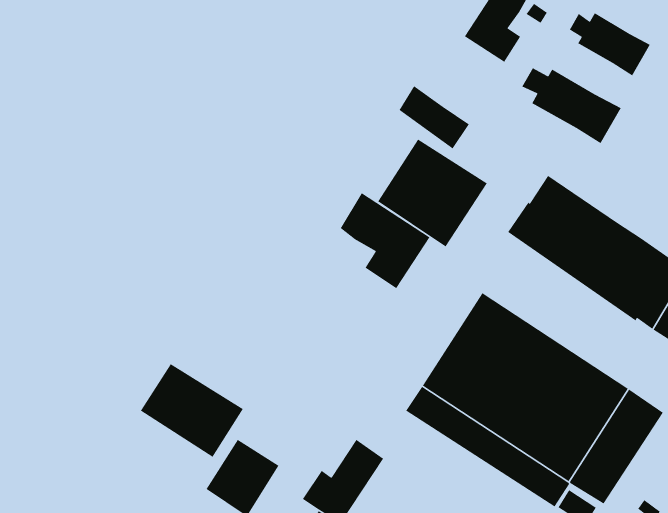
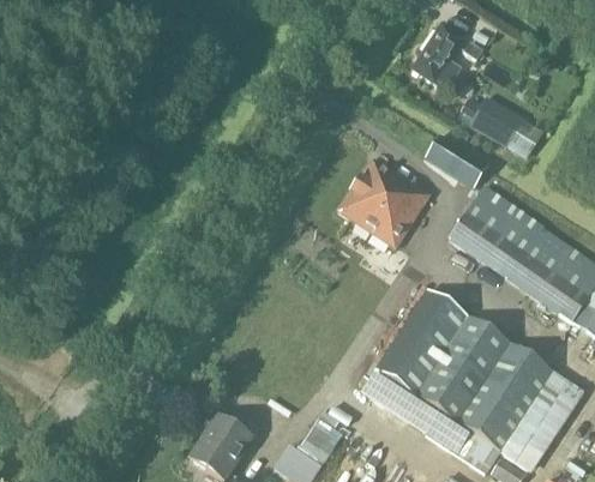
building: [569,12,651,76] -> none
building: [398,85,470,149] -> [426,134,487,189]
building: [339,192,430,289] -> none
building: [140,363,244,458] -> none

